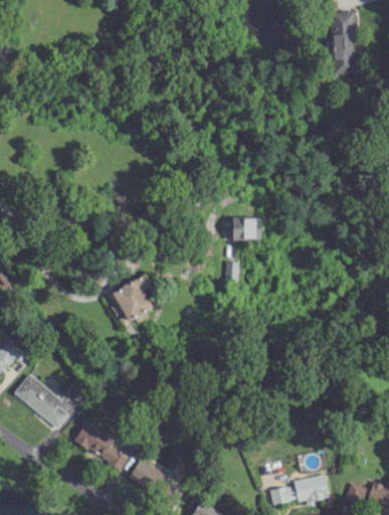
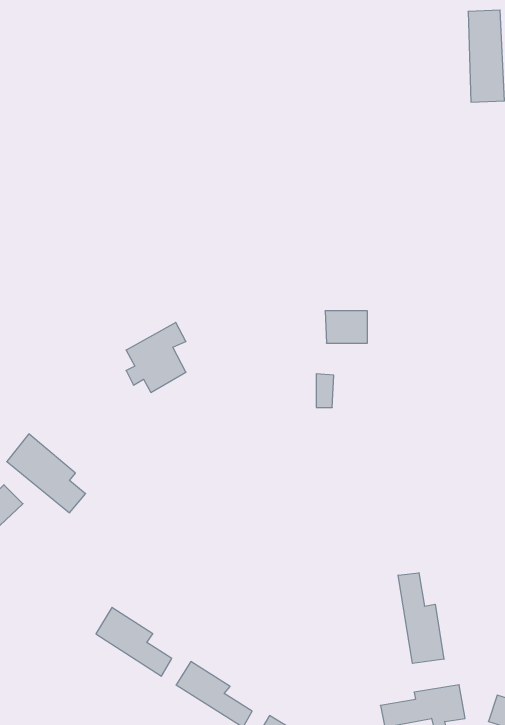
building: [112,273,153,321] -> [126,322,186,392]
building: [14,373,68,427] -> [7,434,86,513]
building: none -> [398,573,444,663]

